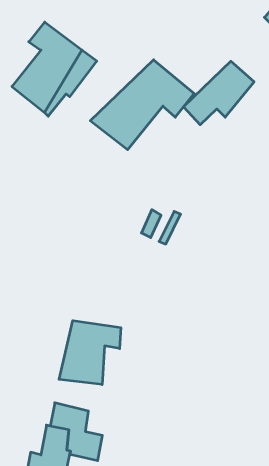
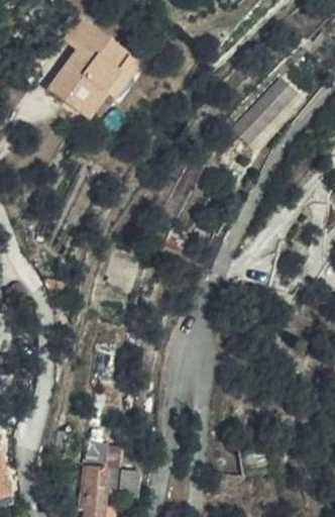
building: [90,60,194,150] -> none
building: [59,321,121,385] -> none

